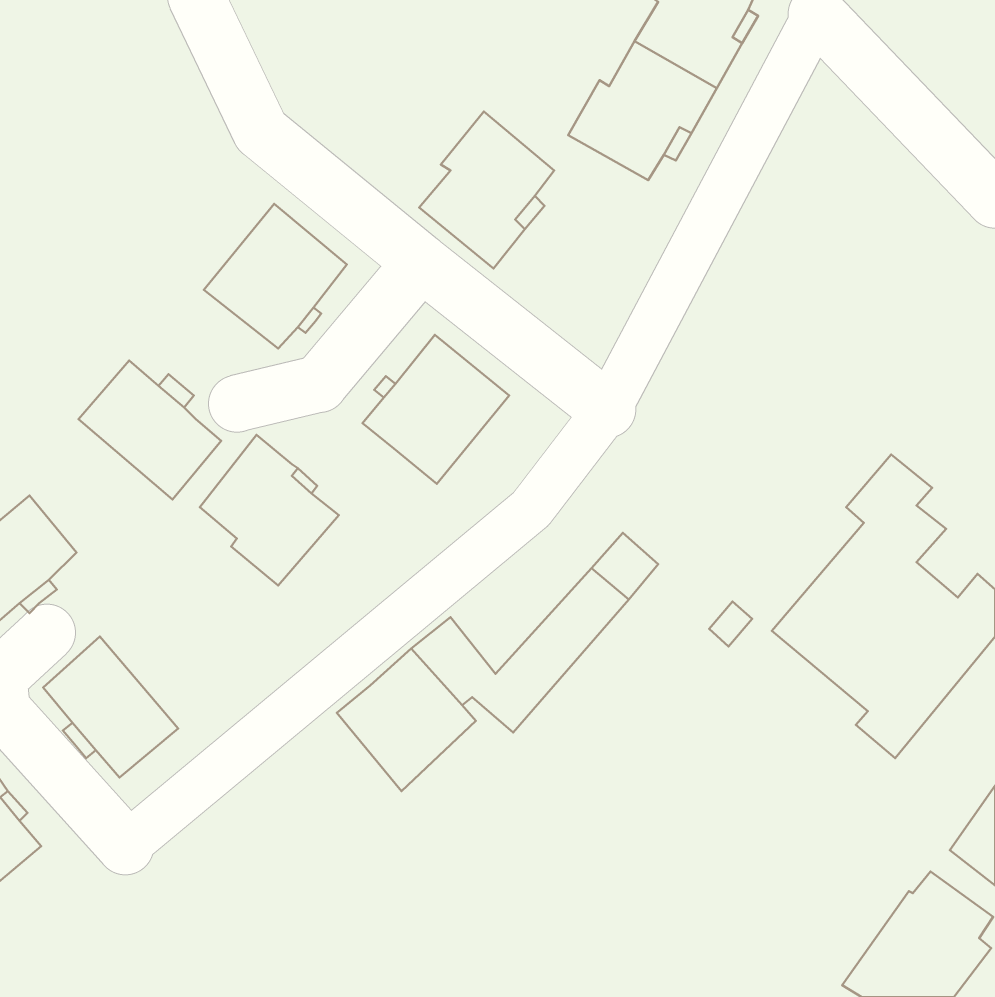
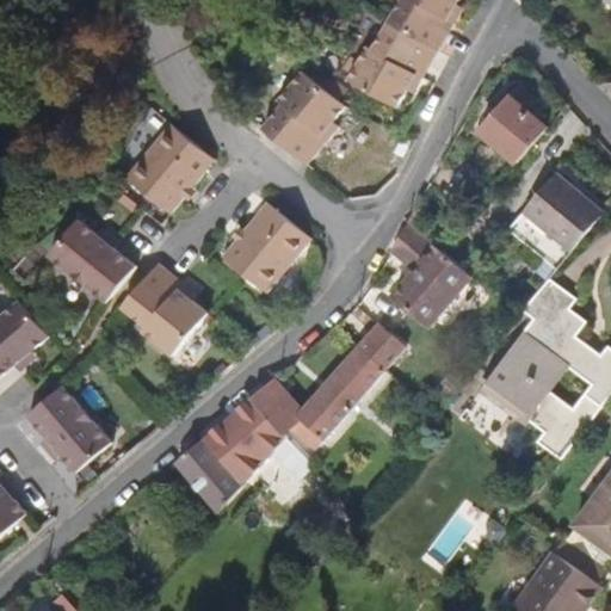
building: none -> [476,84,544,160]
building: none -> [518,169,599,249]
building: none -> [390,220,467,322]
building: none -> [177,434,245,506]

